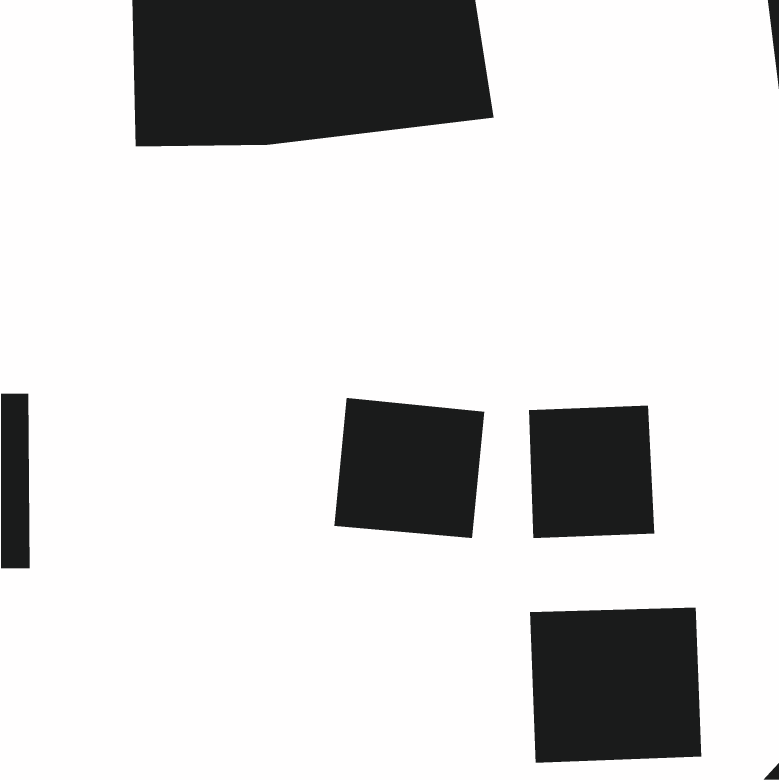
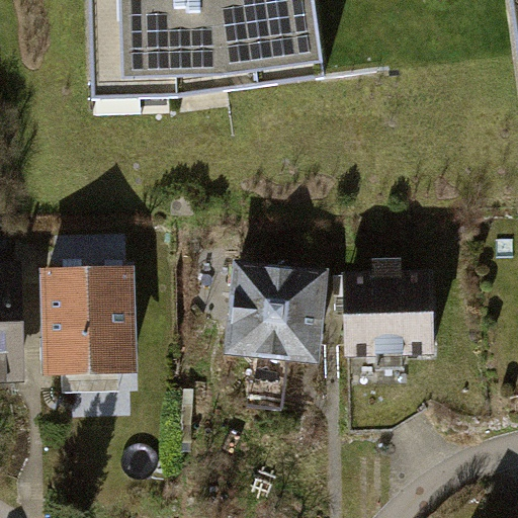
building: none -> [46,251,137,375]
building: [529,607,702,764] -> none

